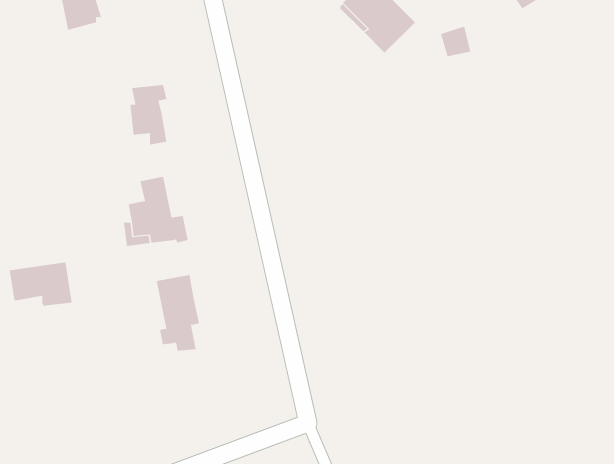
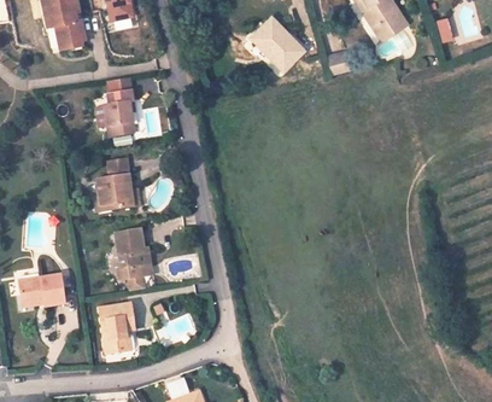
building: [9,262,73,306] -> [18,276,65,309]
building: none -> [104,308,137,359]

